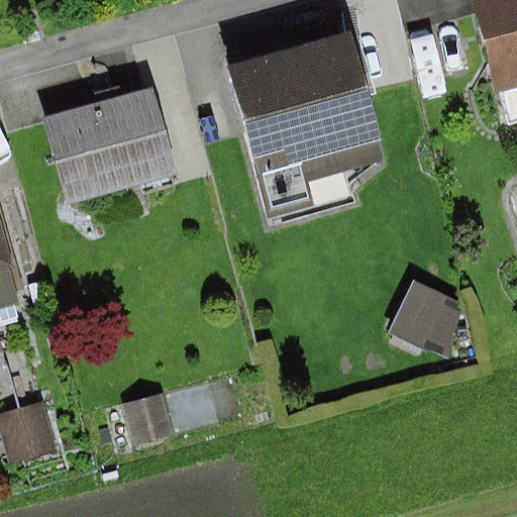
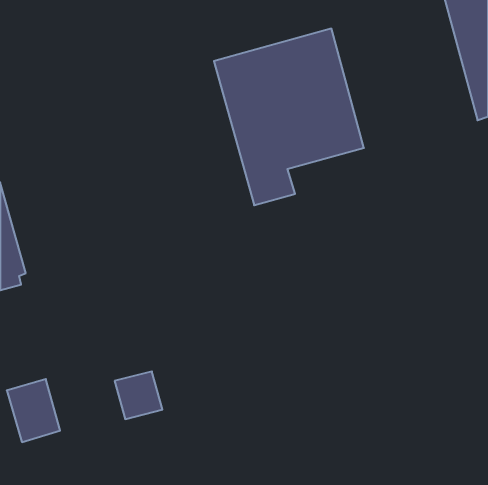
building: [44,85,179,201] -> none
building: [390,280,458,356] -> none

